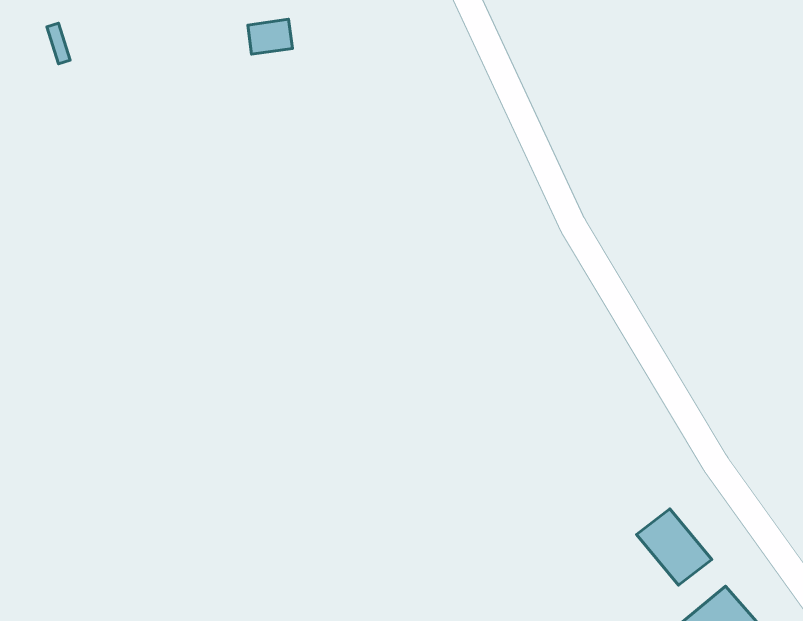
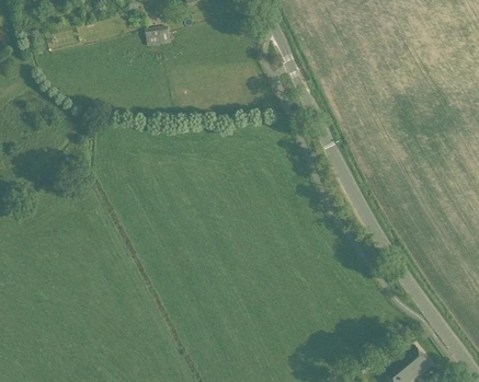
building: [637,509,712,585] -> none

